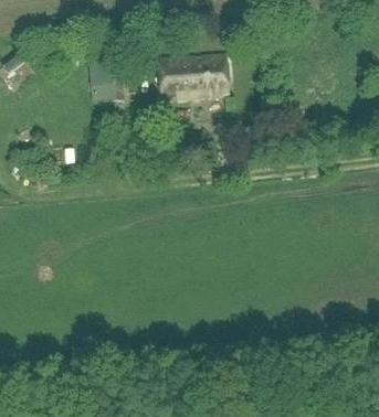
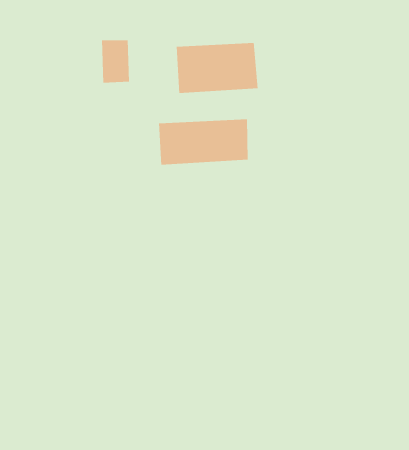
building: none -> [159,119,248,165]

